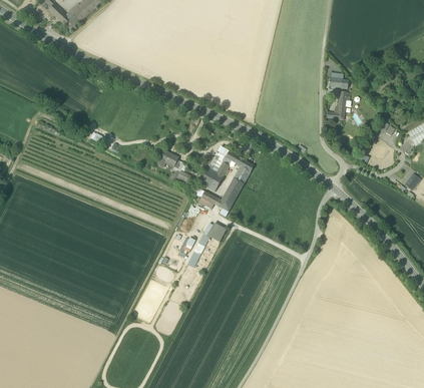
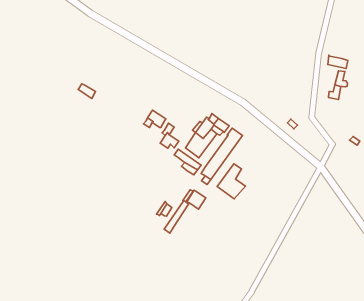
building: none -> [217,164,246,199]

